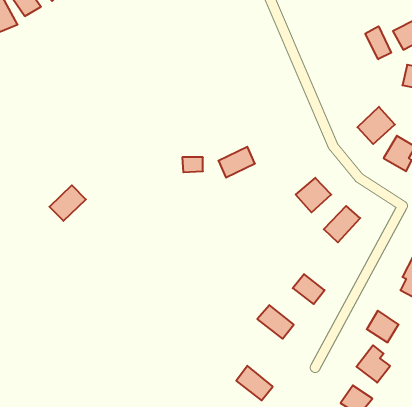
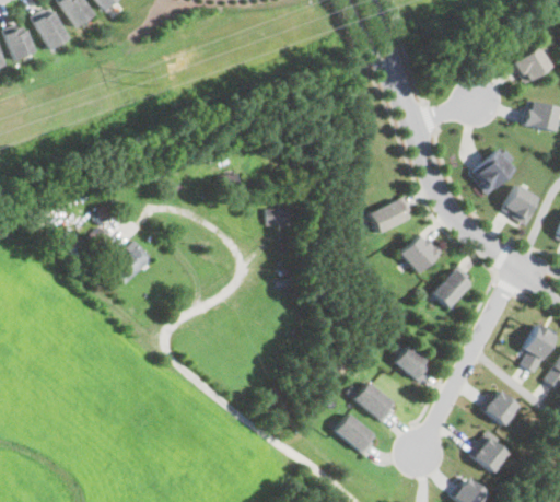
building: [365,26,391,59] -> none
building: [218,147,255,178] -> [370,196,412,232]
building: [236,366,273,400] -> [335,412,377,453]

